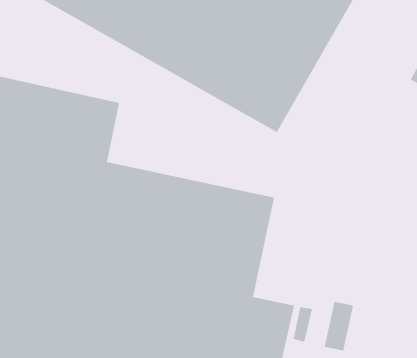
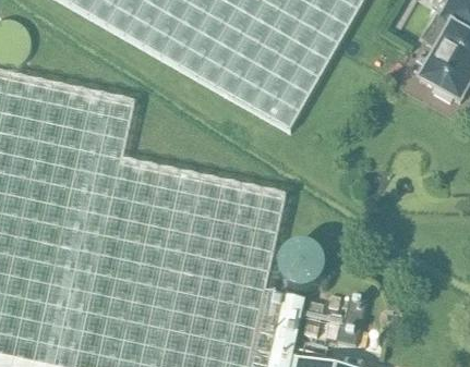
building: none -> [276,245,324,292]

